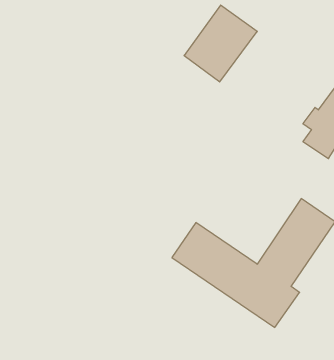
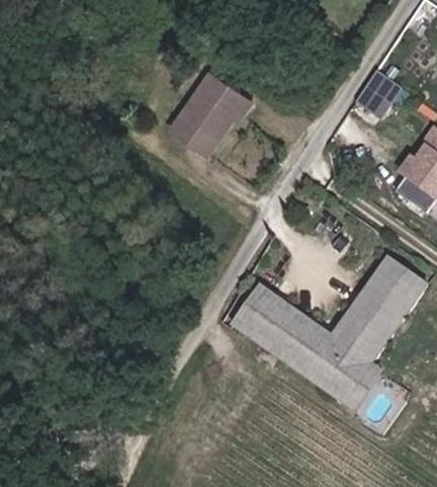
building: [184,5,257,82] -> [162,70,249,161]
building: none -> [356,71,396,113]

